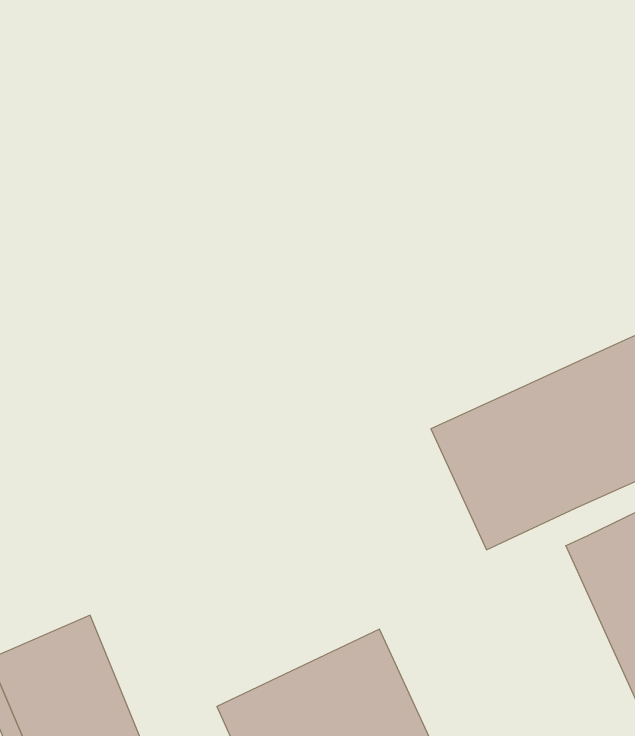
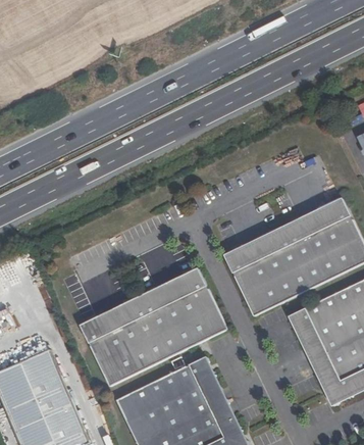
building: none -> [81,266,226,381]

